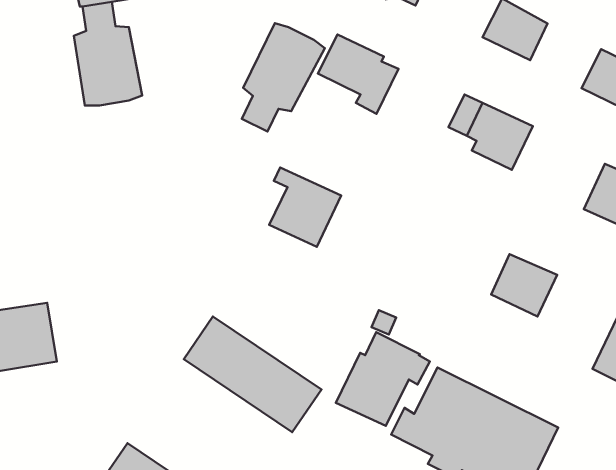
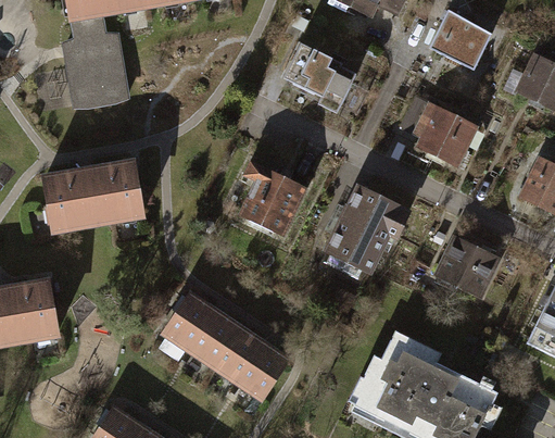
building: [242,23,325,131] -> none
building: none -> [42,164,138,230]
building: [336,332,430,426] -> [325,188,408,272]

